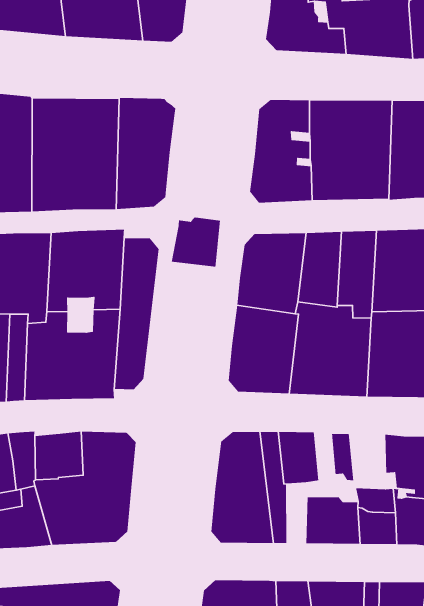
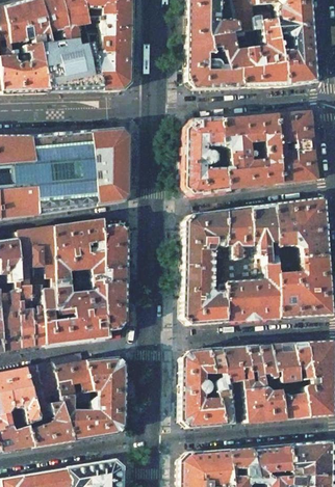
building: [171,215,221,268] -> none
building: none -> [244,345,266,389]
building: none -> [270,342,299,380]

